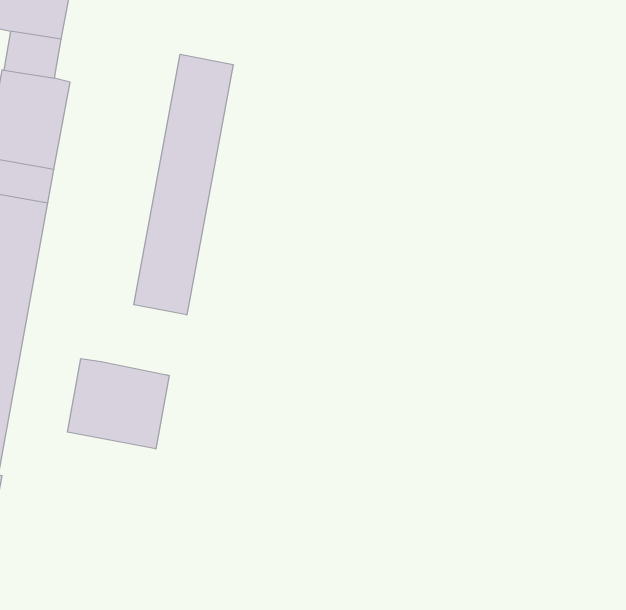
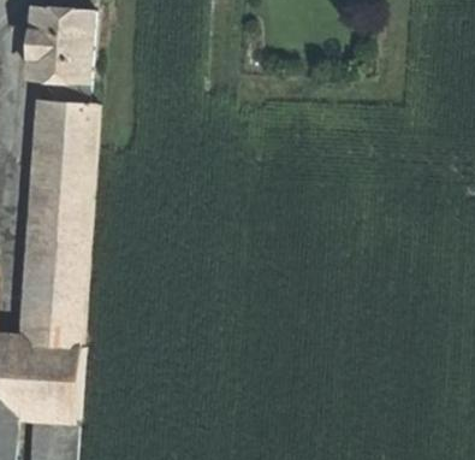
building: [134,54,233,315] -> none
building: [67,359,169,449] -> none

